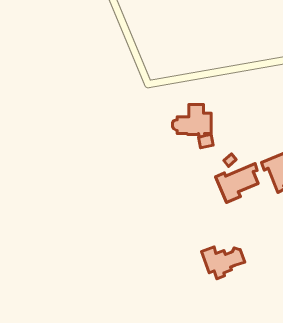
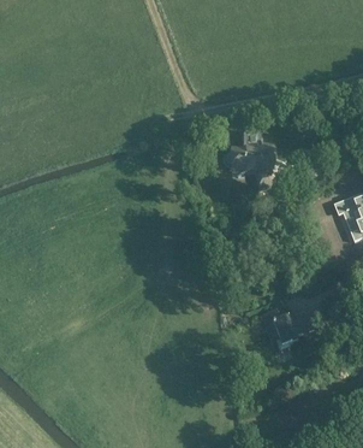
building: [215,164,258,202] -> none

